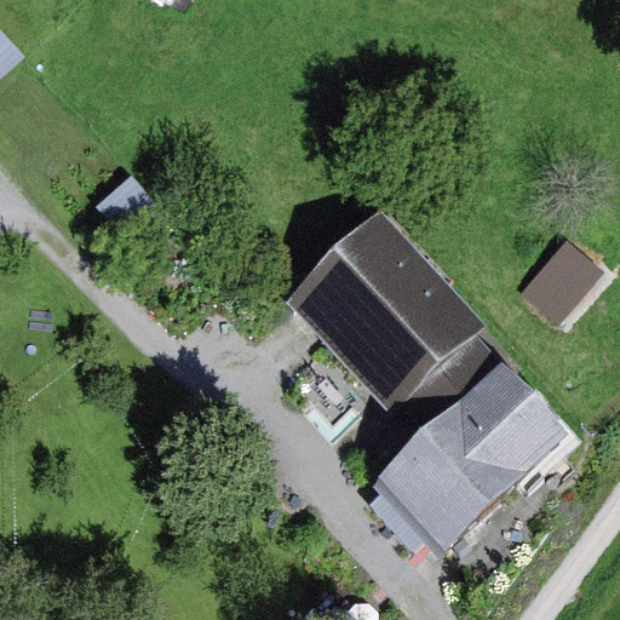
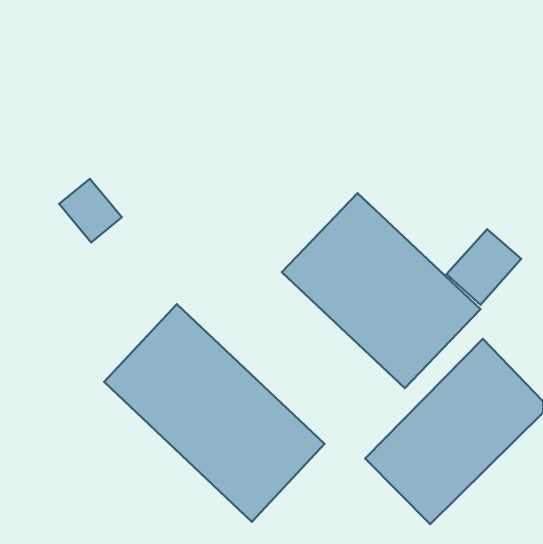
building: none -> [104,304,324,522]

